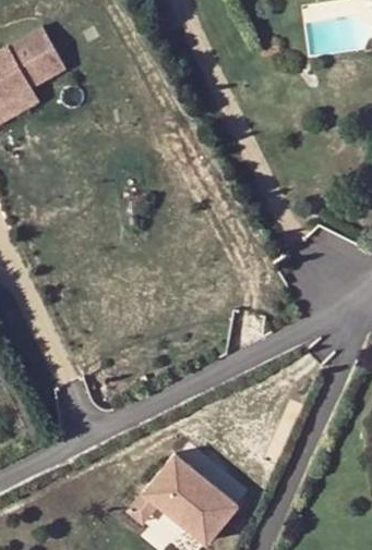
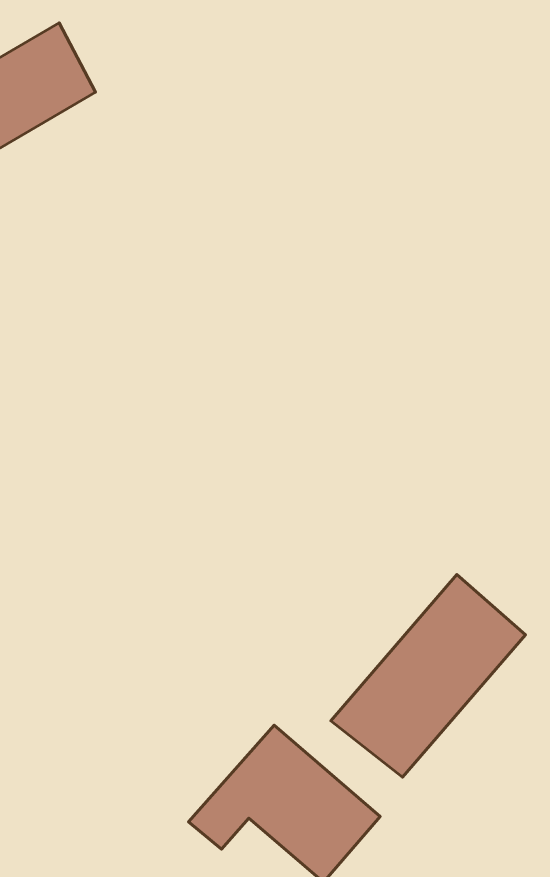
building: none -> [331,574,526,777]

